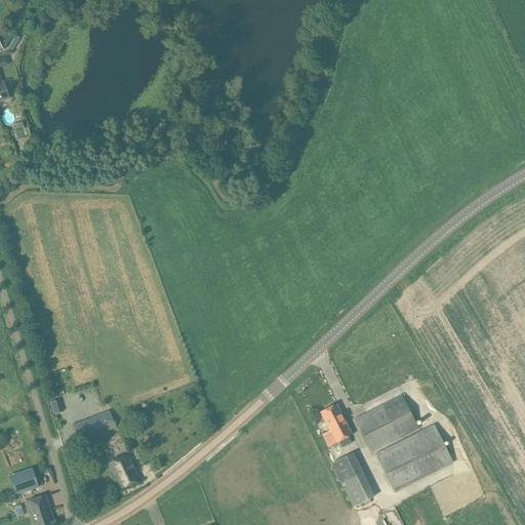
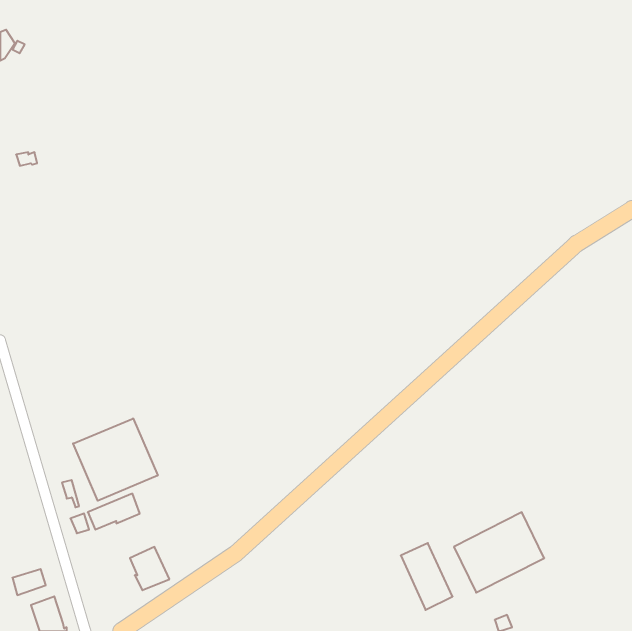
building: none -> [73,418,158,501]
building: [356,394,418,451] -> none
building: [318,403,352,447] -> none

